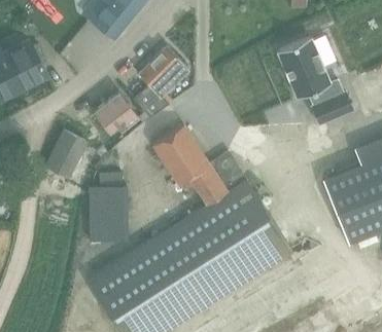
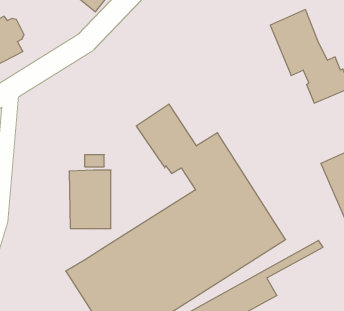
building: [132,46,187,118] -> none
building: [94,93,137,132] -> none
building: [45,132,85,178] -> none

